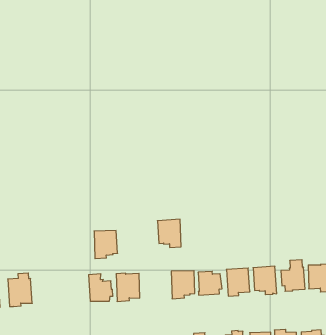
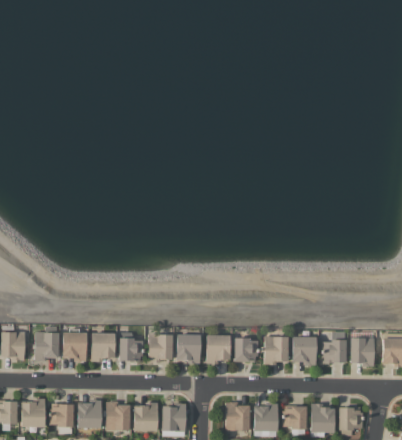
building: [157,219,181,247] -> [177,335,201,364]
building: [94,231,118,259] -> [91,333,115,362]
building: none -> [63,329,87,362]

